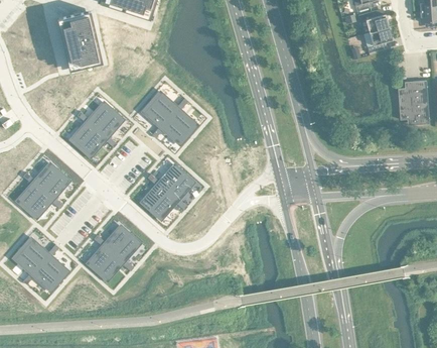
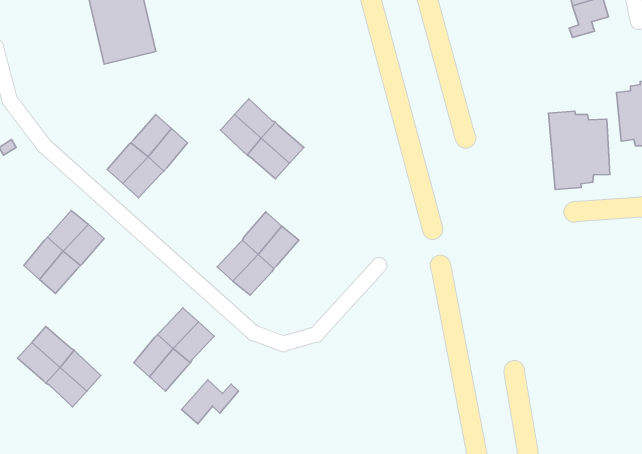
building: none -> [549,111,610,190]
building: none -> [182,380,238,424]

